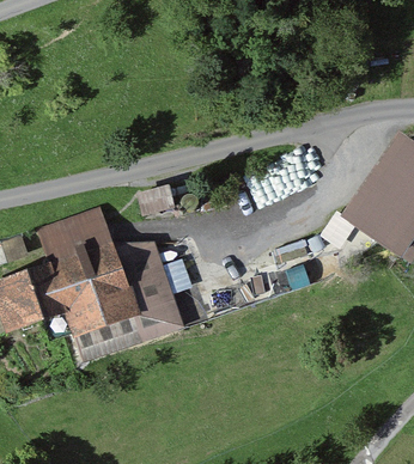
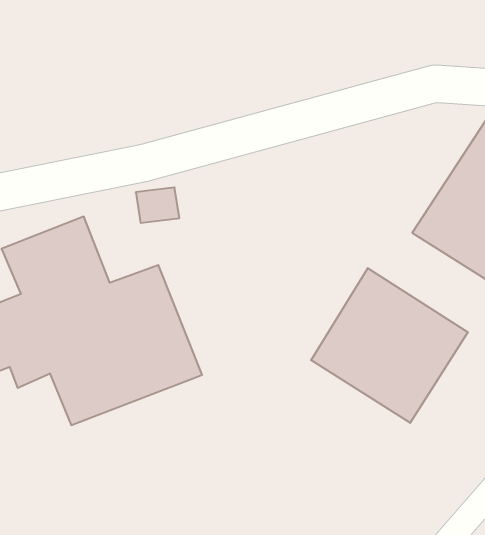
building: none -> [311,268,468,423]

